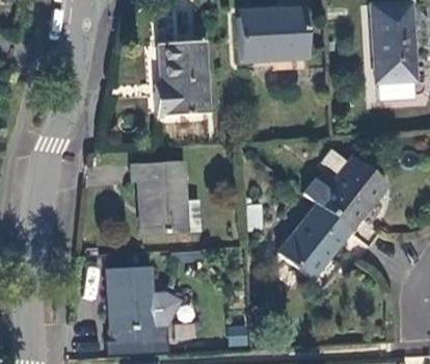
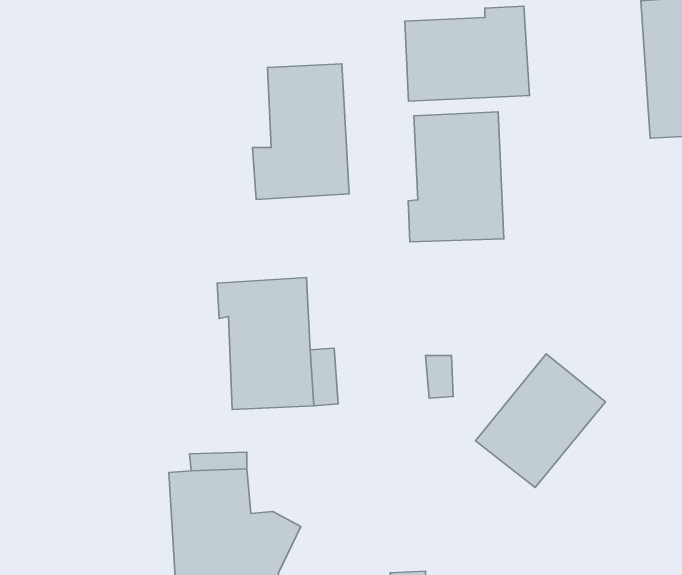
building: none -> [408,112,504,242]
building: [305,157,386,230] -> none

